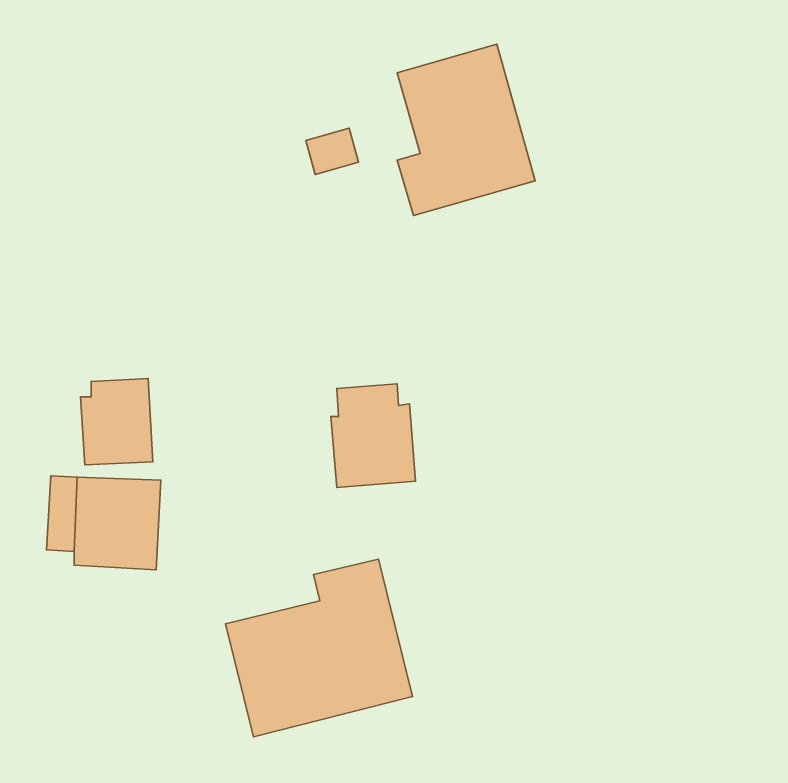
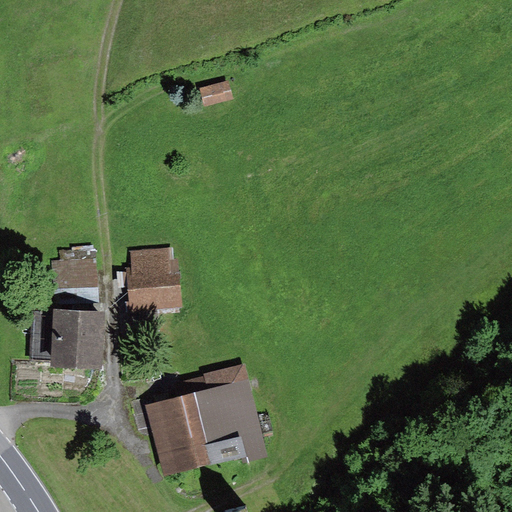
building: [397,44,535,216] -> none
building: [331,384,416,487] -> [126,245,181,312]

